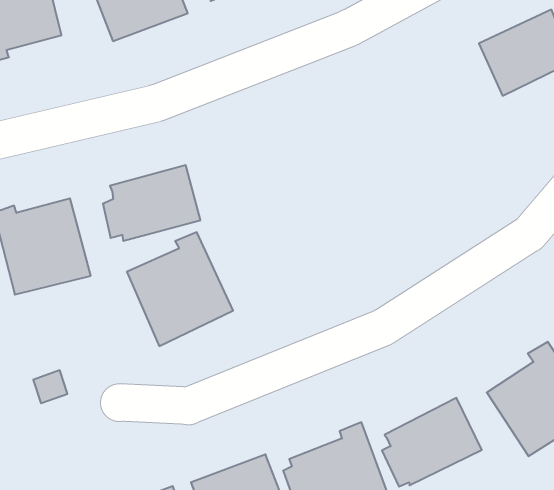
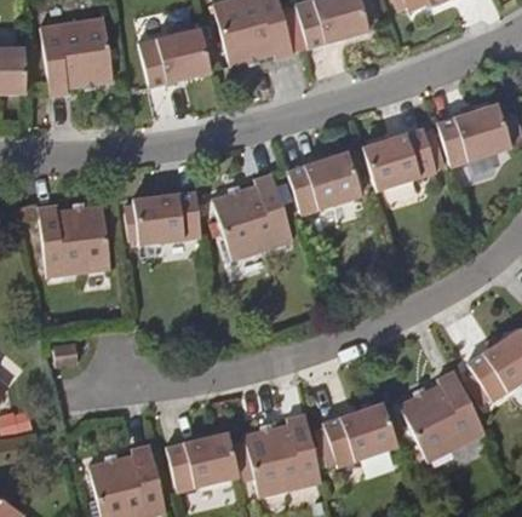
building: none -> [362,131,443,194]
building: none -> [286,154,361,216]
building: [127,232,233,346] -> [212,176,292,262]

